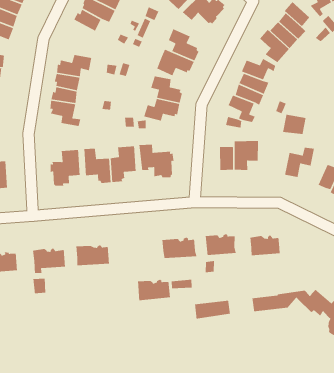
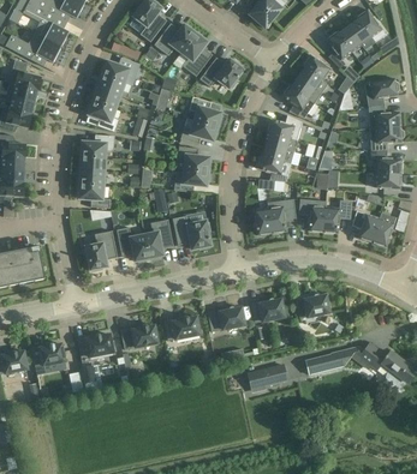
building: none -> [88,100,120,132]
building: none -> [298,199,326,232]
building: [137,279,171,301] -> [163,316,199,341]

